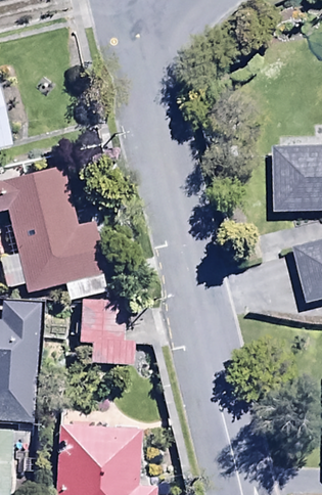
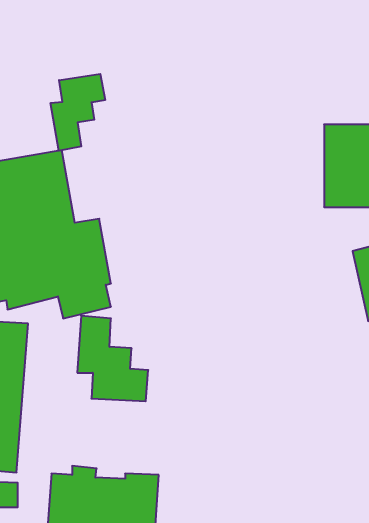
building: none -> [51,74,105,151]

